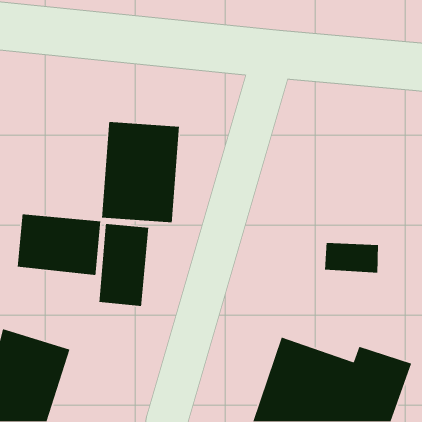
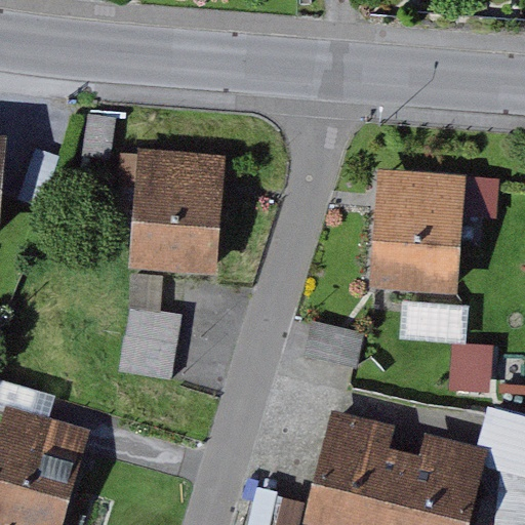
building: none -> [365,170,463,296]
building: [17,213,101,276] -> none

